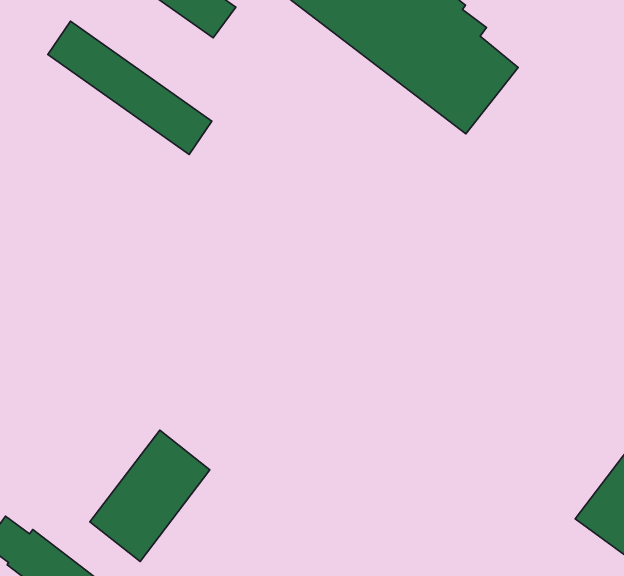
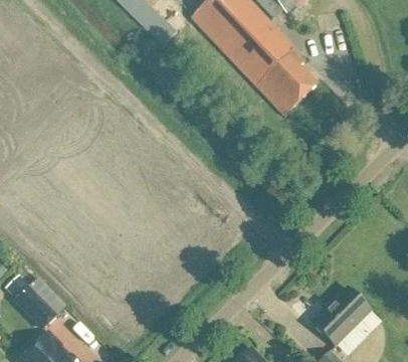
building: [48,21,212,155] -> none
building: [90,430,210,562] -> none

